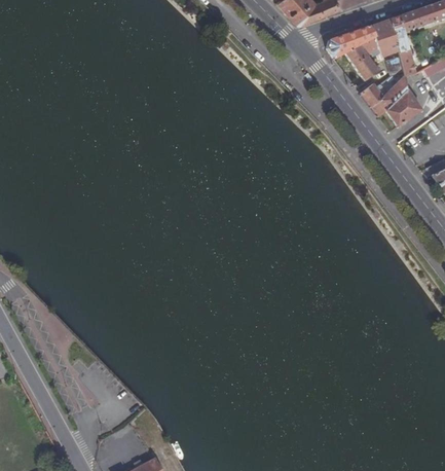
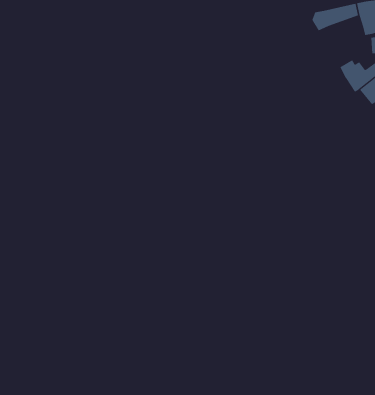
building: [345,38,379,80] -> none

